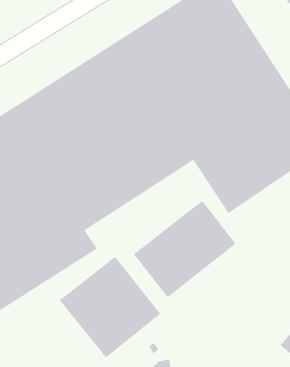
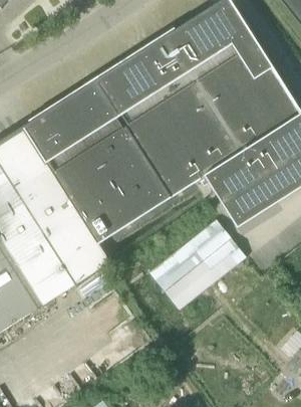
building: [59,256,161,359] -> none

